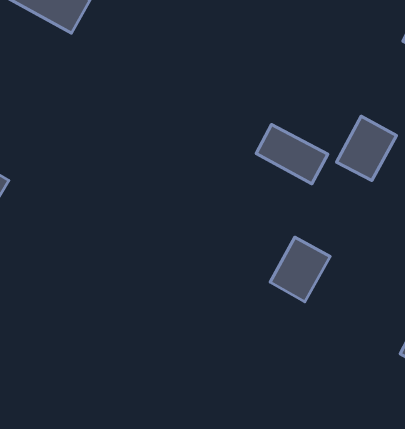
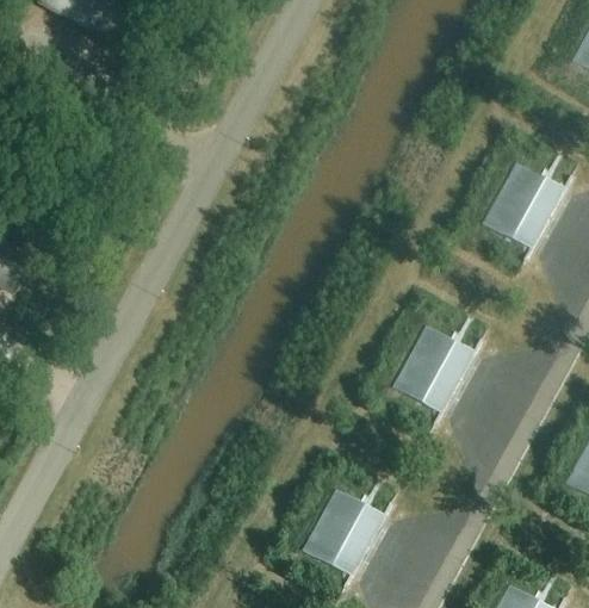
building: [256,124,328,184] -> none
building: none -> [303,489,384,576]

